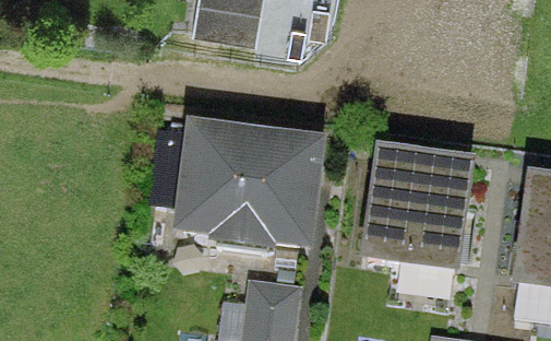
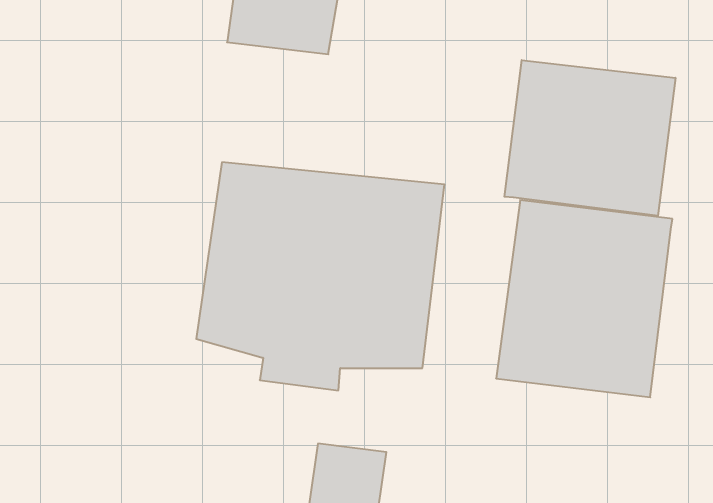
building: none -> [504,60,675,216]

